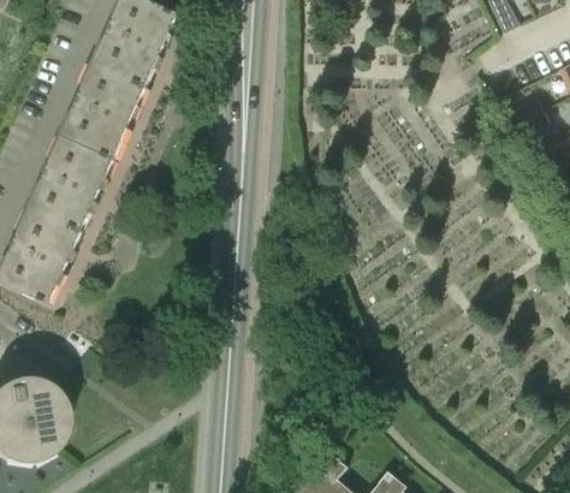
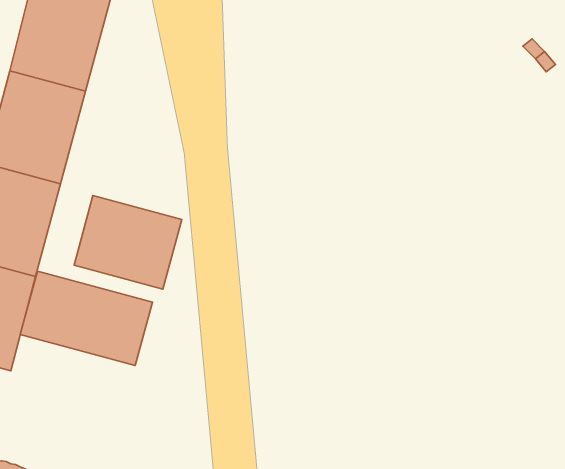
building: none -> [74,196,182,289]
building: none -> [20,271,152,366]

